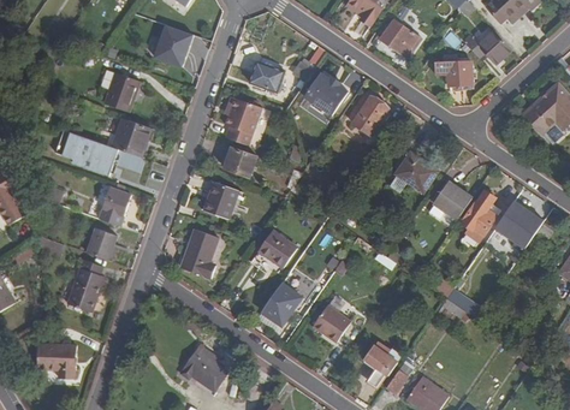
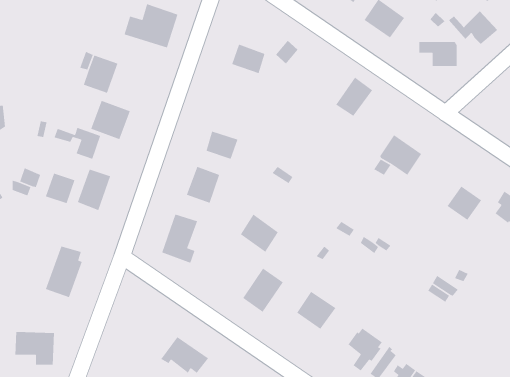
building: [303,72,348,117] -> none
building: [225,96,261,145] -> none
building: [433,183,470,219] -> none
building: [85,228,115,260] -> [45,173,76,204]

